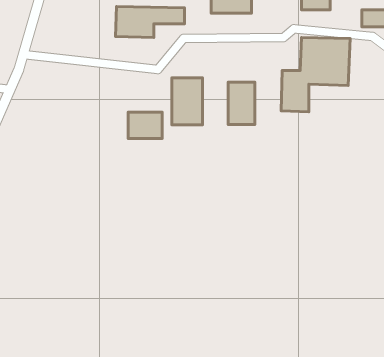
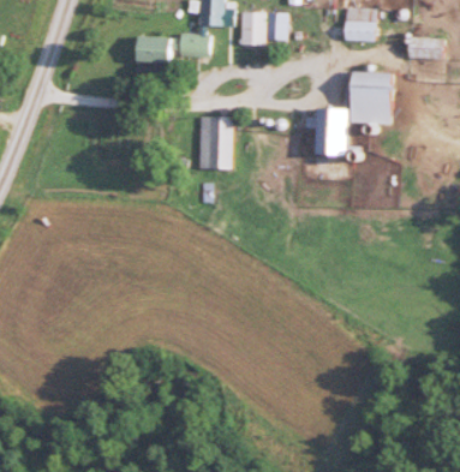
building: [228,82,255,125] -> none
building: [128,112,162,138] -> none

